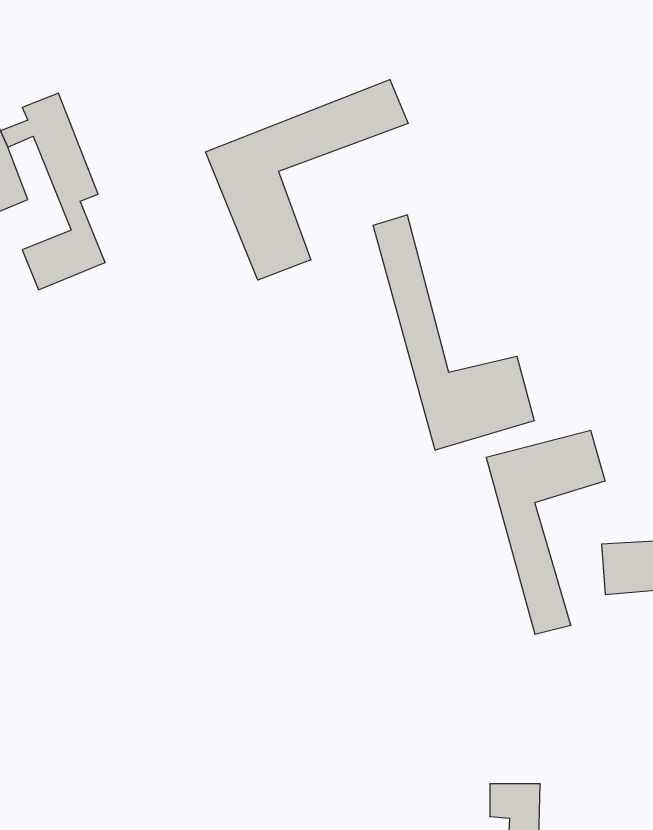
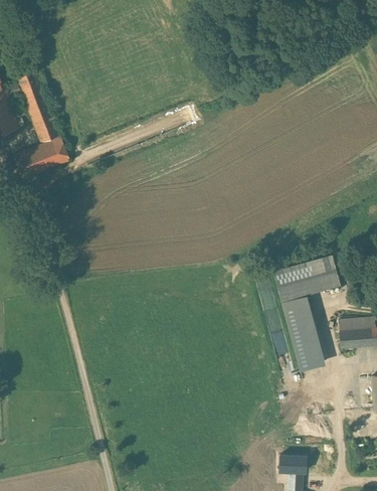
building: [206,79,408,280] -> none
building: [373,215,534,450] -> none

